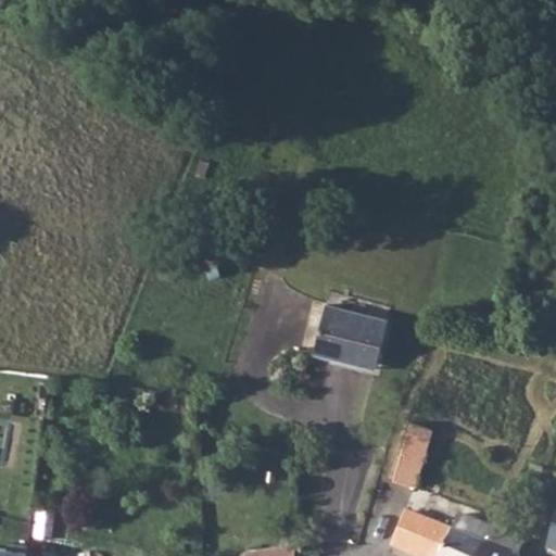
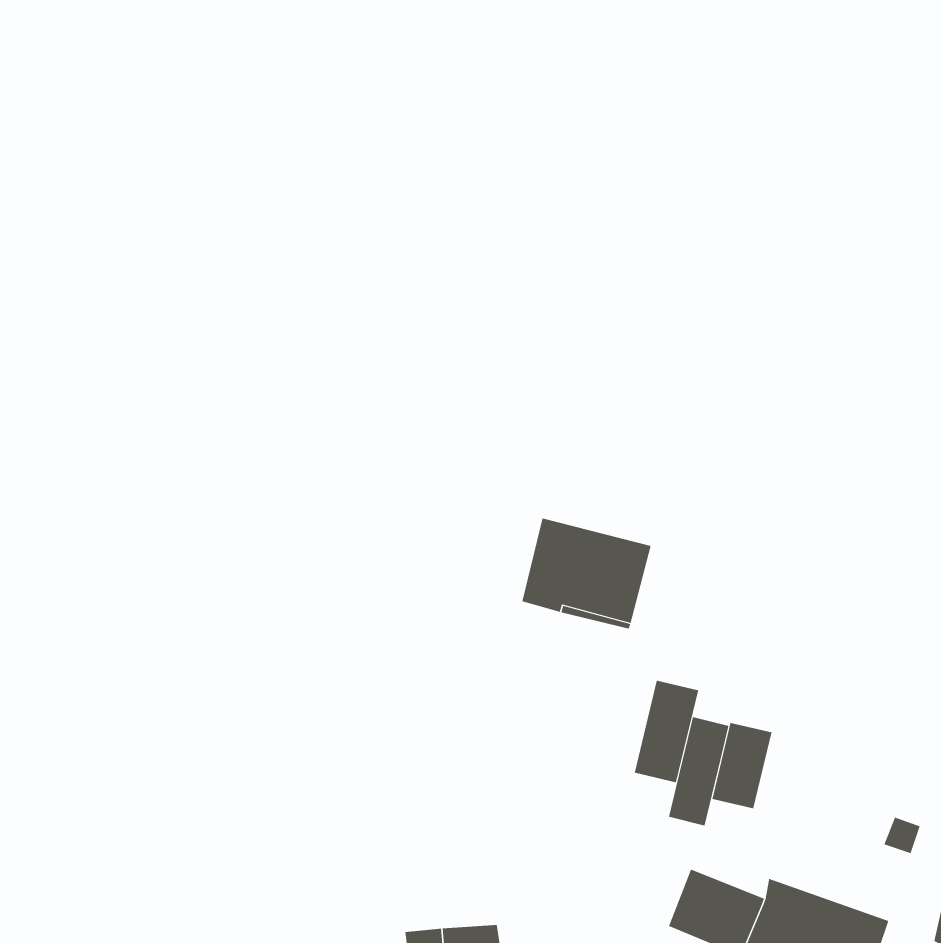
building: none -> [634,680,699,783]
building: none -> [712,722,772,809]

